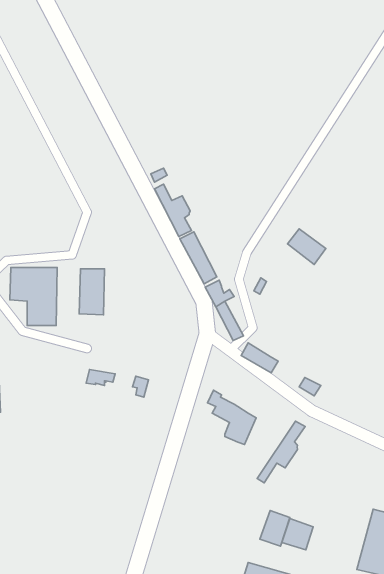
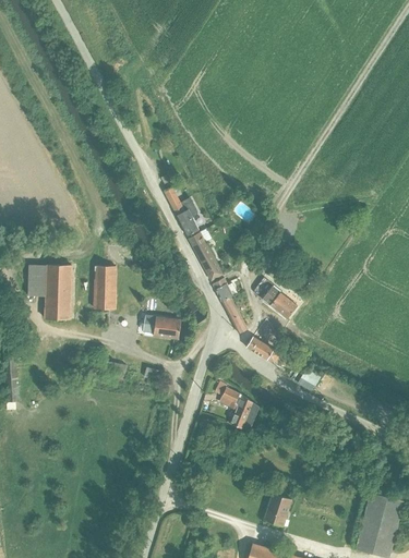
building: [288,229,326,265] -> [262,286,298,319]
building: none -> [143,316,181,340]
building: [257,421,305,483] -> none
building: [282,519,313,550] -> none

